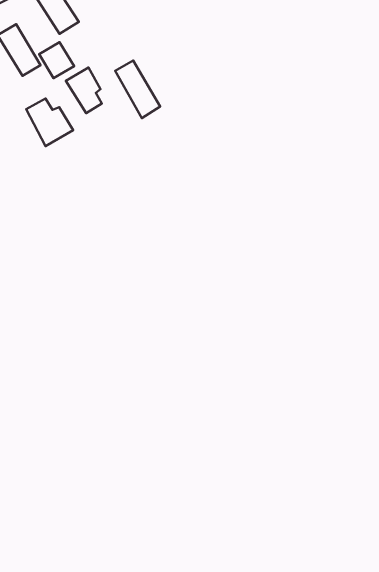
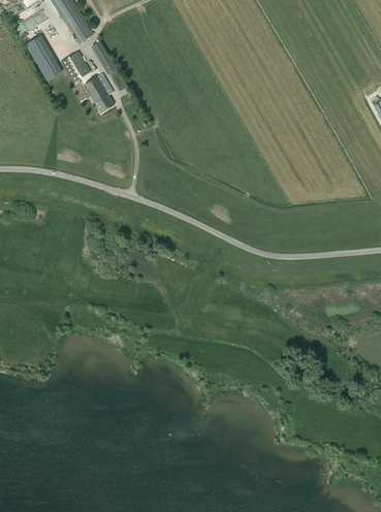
building: [115,60,160,118] -> none
building: [26,98,73,146] -> none

